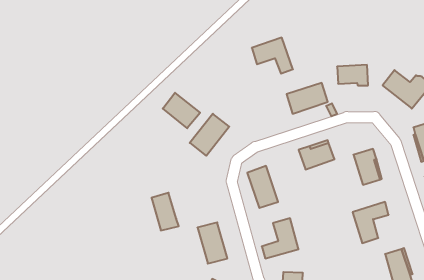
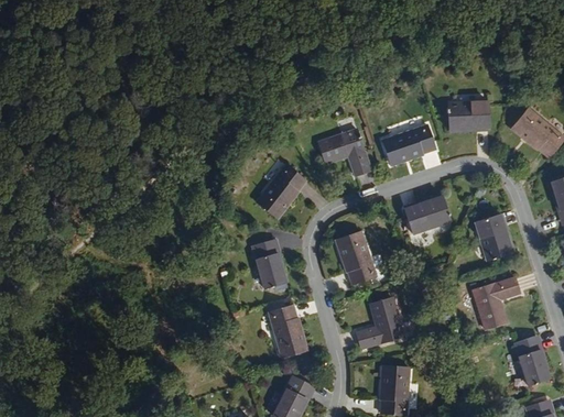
building: [252,38,293,74] -> [321,129,373,175]
building: [163,93,200,128] -> none
building: [151,193,179,230] -> [258,240,293,288]

